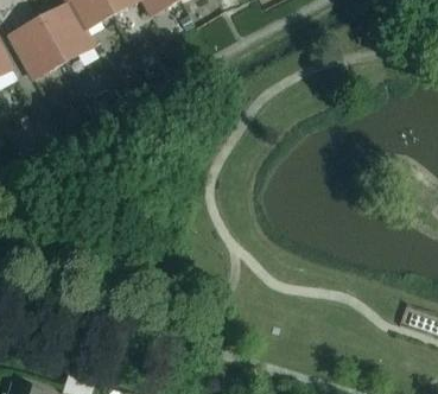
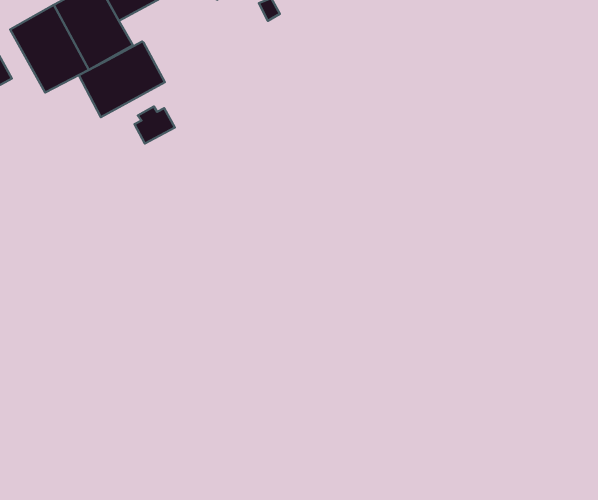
building: none -> [79,42,165,117]

